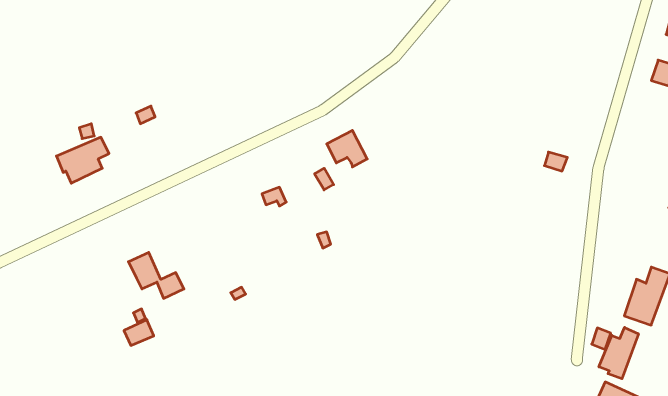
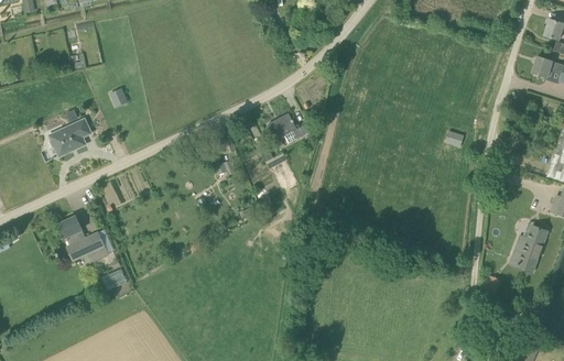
building: [128,252,184,298] -> [61,216,106,253]
building: [599,327,638,379] -> none

